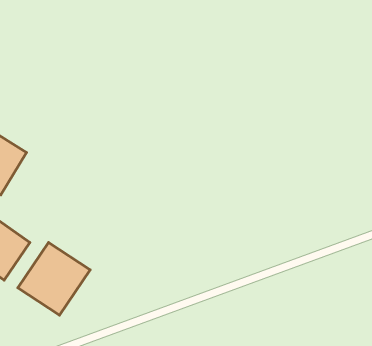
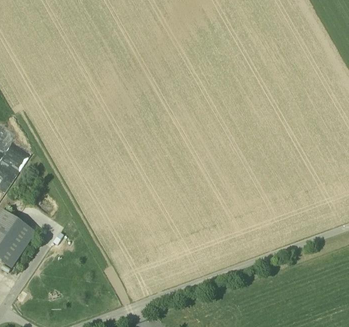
building: [18,242,90,315] -> none

